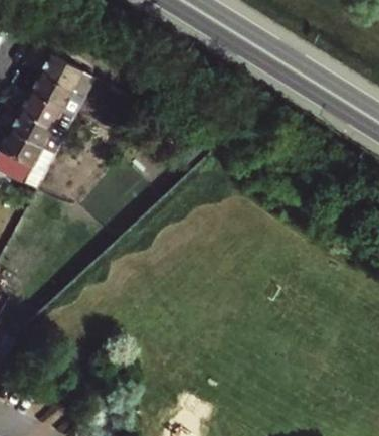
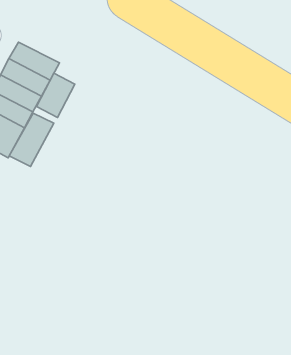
building: none -> [36,73,75,117]
building: none -> [9,113,54,167]

